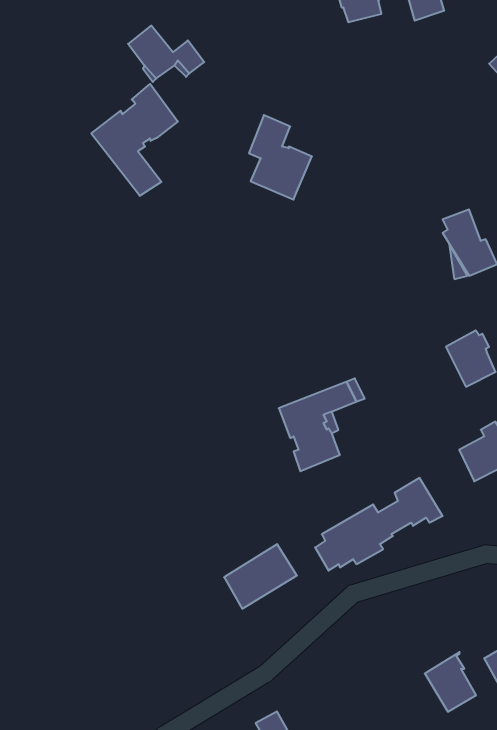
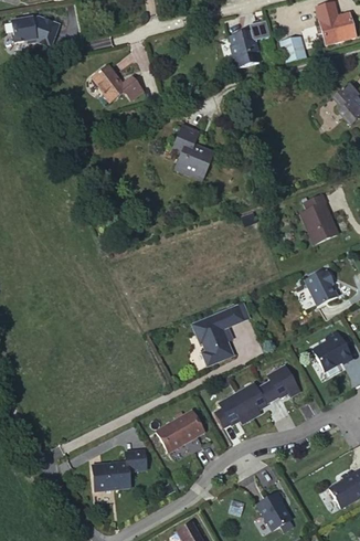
building: [91,84,178,196] -> none
building: none -> [93,454,147,494]
building: [425,652,476,712] -> [256,490,290,530]

